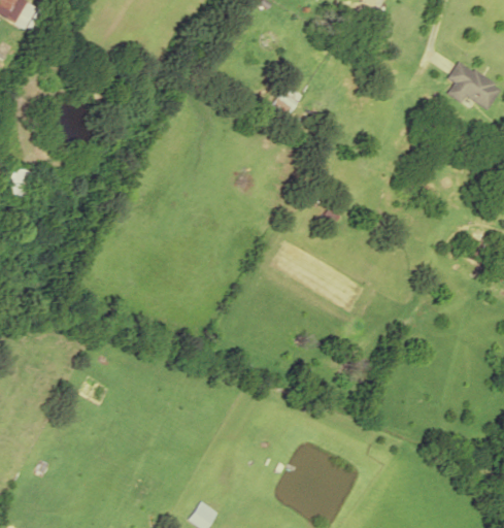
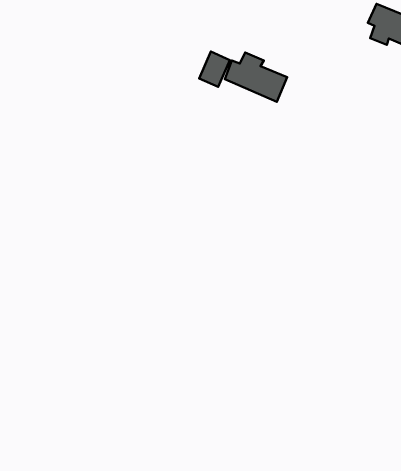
building: none -> [225,53,287,102]

